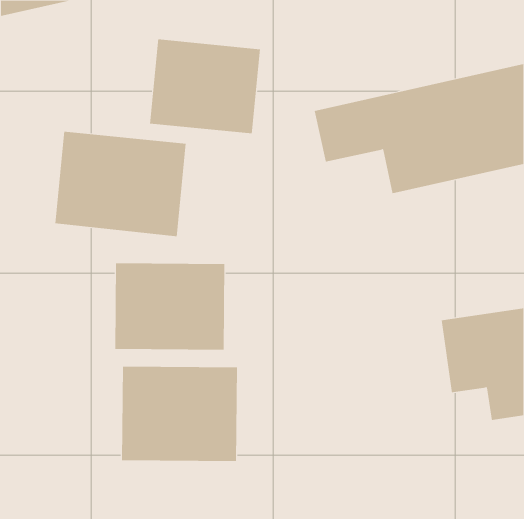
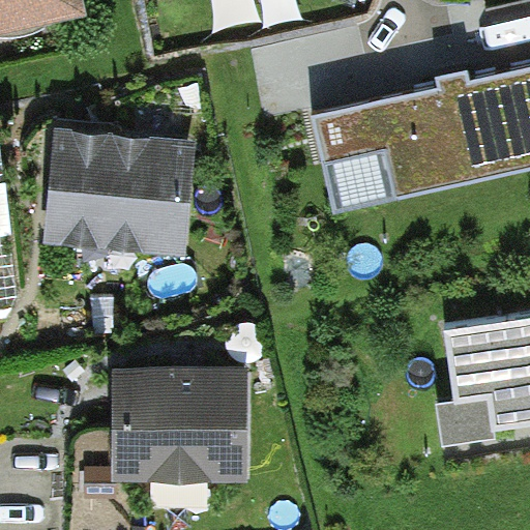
building: [150,39,260,134] -> none
building: [115,263,225,351] -> none

